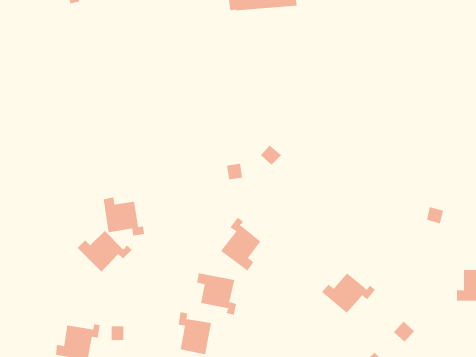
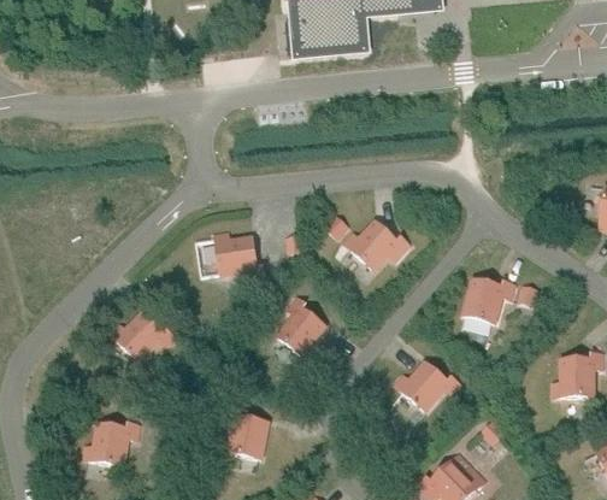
building: none -> [343,220,408,269]
building: [103,197,145,236] -> [214,231,264,277]
building: none -> [464,278,513,323]
building: [196,273,236,316] -> none

